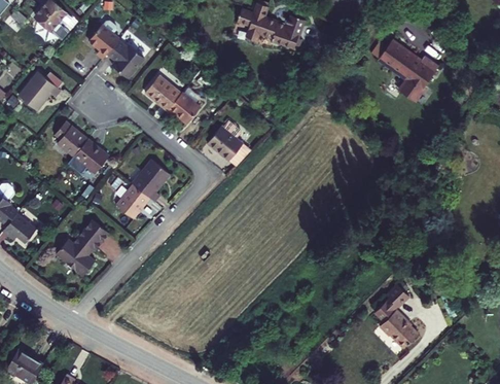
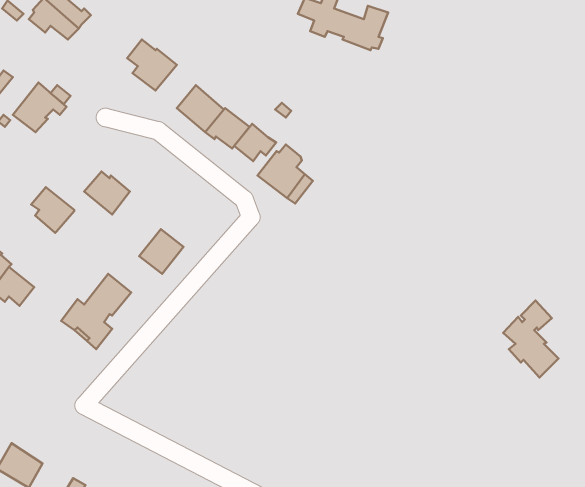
building: [88,24,119,58] -> none
building: [378,39,438,101] -> none
building: none -> [234,124,276,161]
building: [55,121,87,156] -> [31,187,74,233]
building: [132,159,170,202] -> none
building: [376,288,418,347] -> [503,301,558,377]

